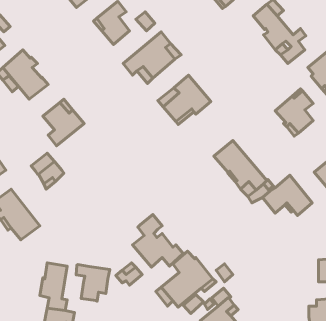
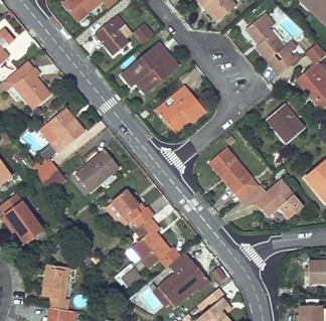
building: none -> [76,150,120,192]
building: none -> [107,189,155,228]
building: [76,265,110,301] -> none

